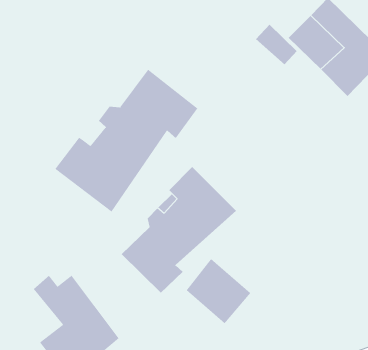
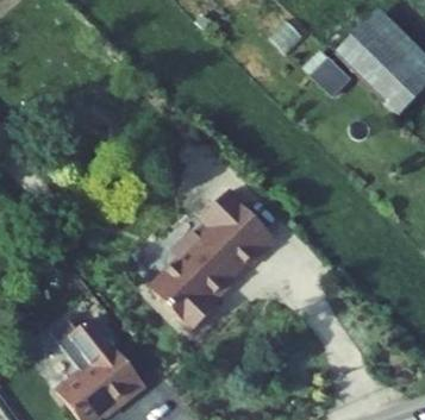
building: [54,69,198,212] -> none
building: [186,258,251,324] -> none

